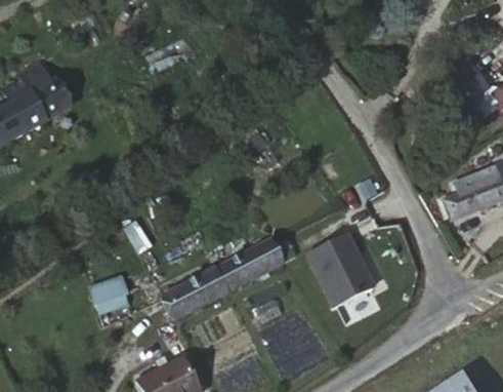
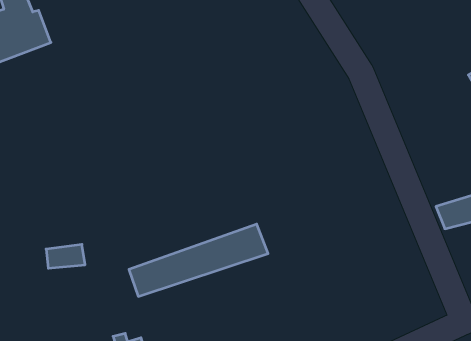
building: [307,236,374,314] -> none

